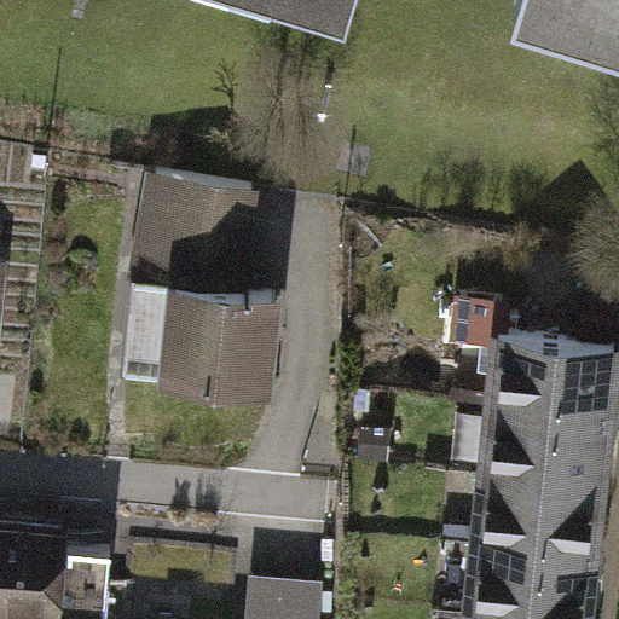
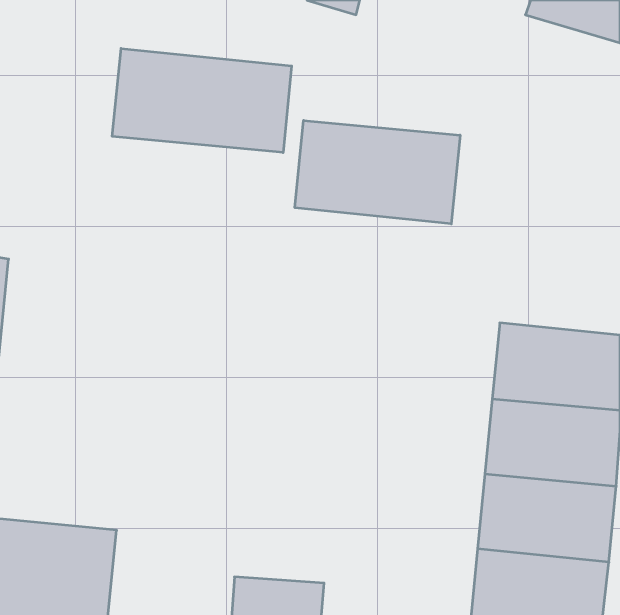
building: none -> [112,48,292,153]
building: none -> [295,120,460,224]
building: [110,177,280,398] -> none

